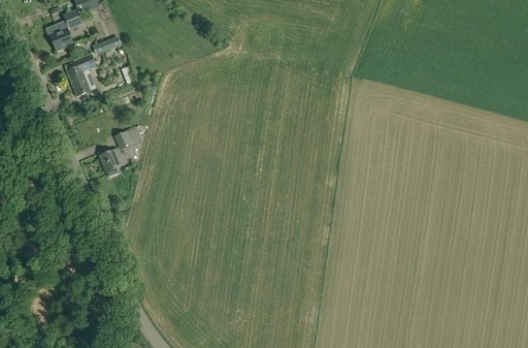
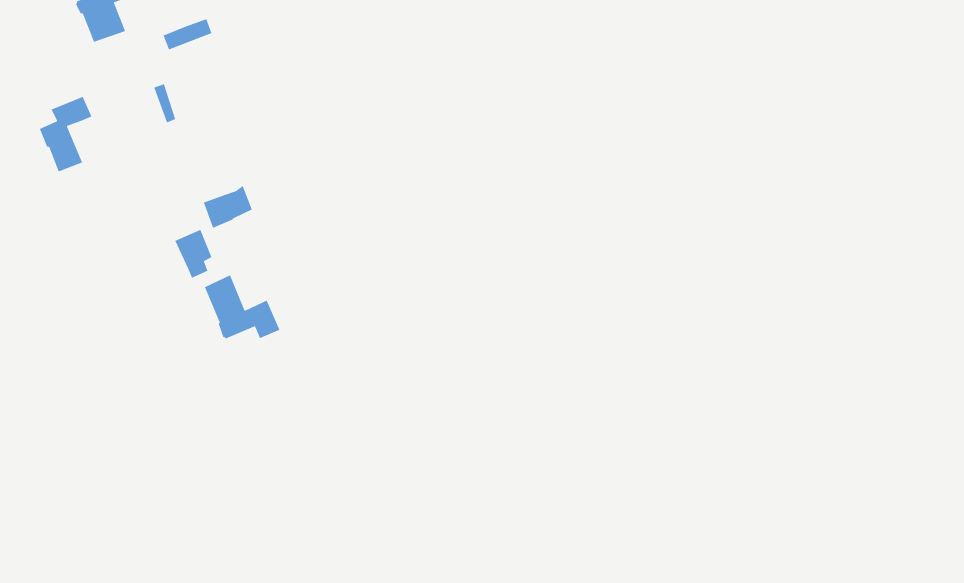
building: [66,54,95,95] -> [39,96,93,173]
building: none -> [204,274,280,340]

